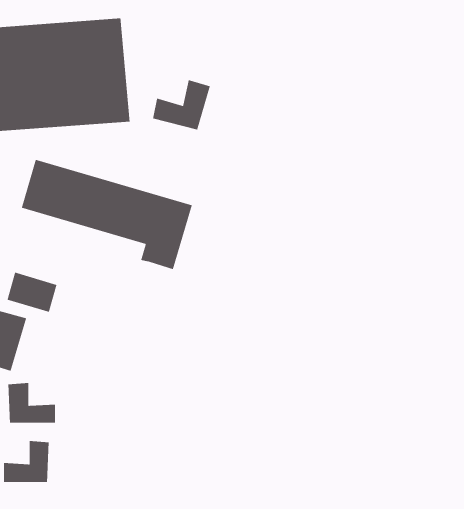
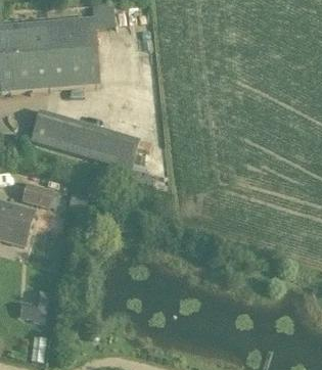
building: [152,79,211,131] -> none
building: [8,382,56,424] -> none

